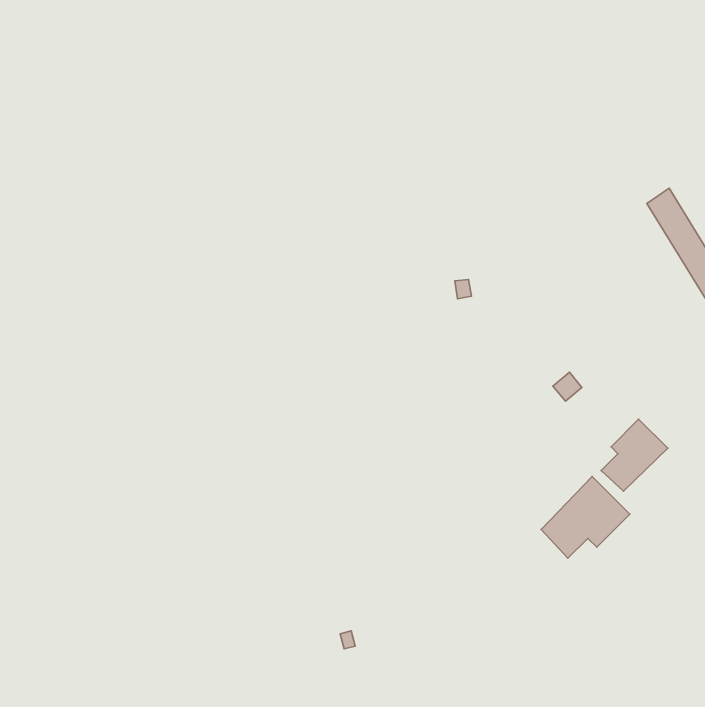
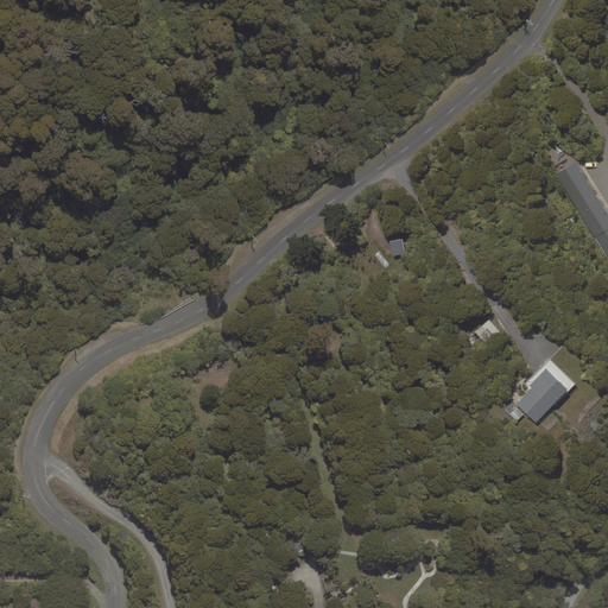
building: [541,477,630,558] -> none

